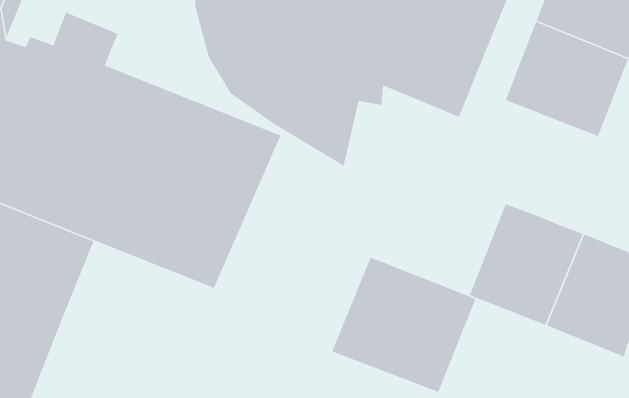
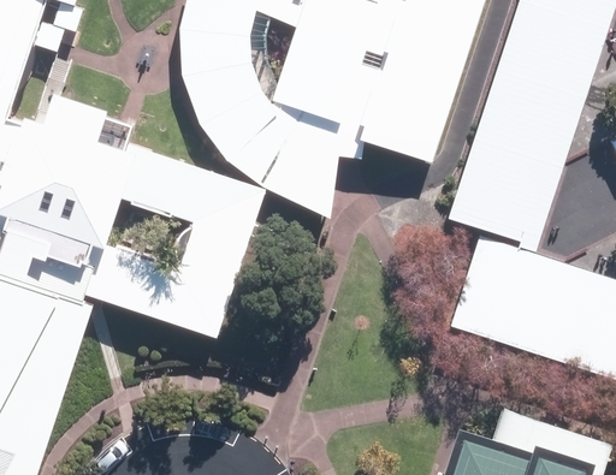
building: none -> [450,142,563,254]
building: [331,256,477,393] -> none

